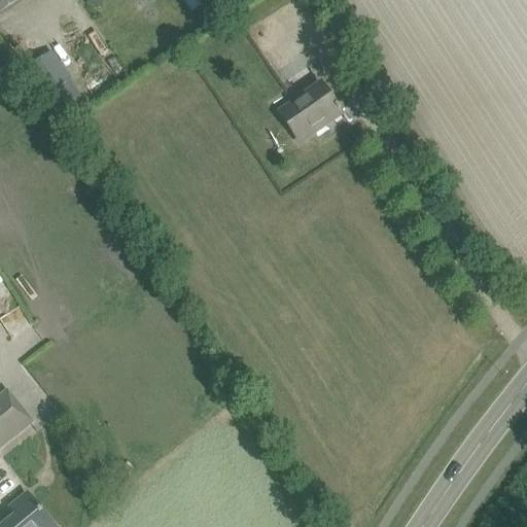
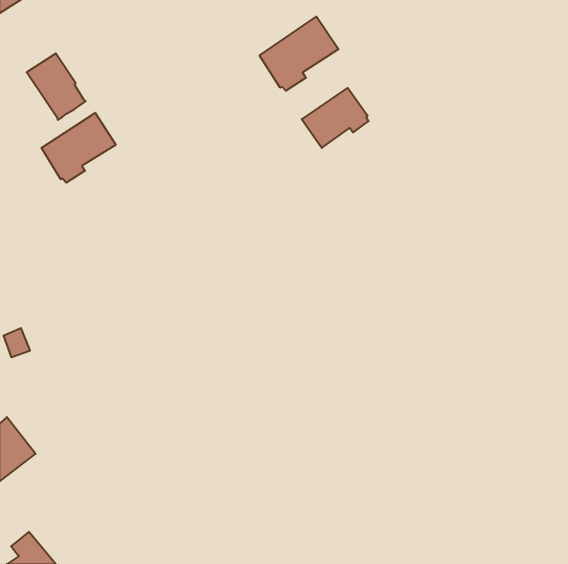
building: none -> [260,17,339,91]
building: none -> [41,113,116,183]

